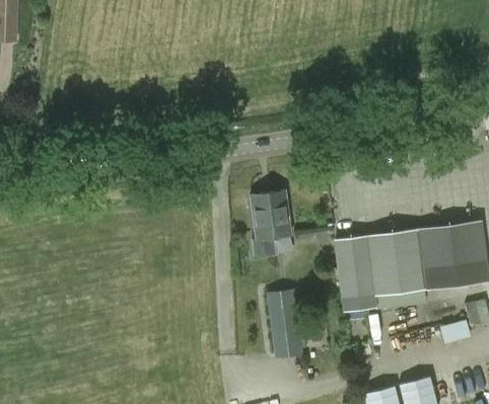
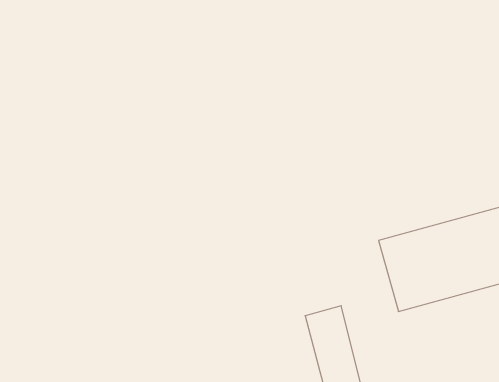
building: [251,191,292,253] -> none

